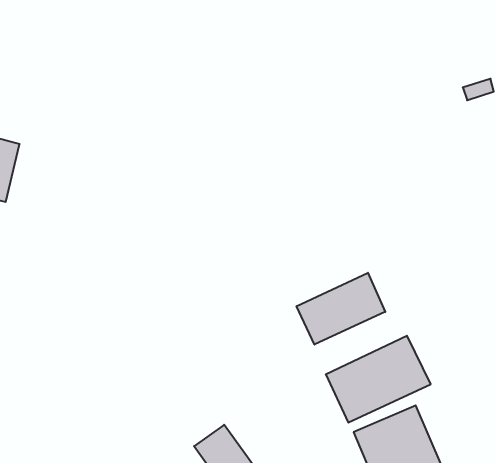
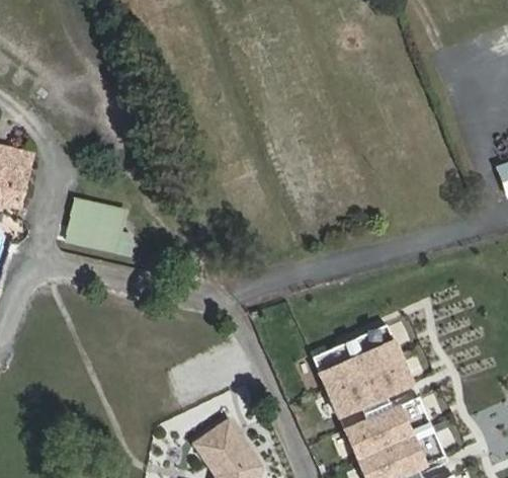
building: none -> [62,200,121,253]
building: [297,273,385,345] -> none

